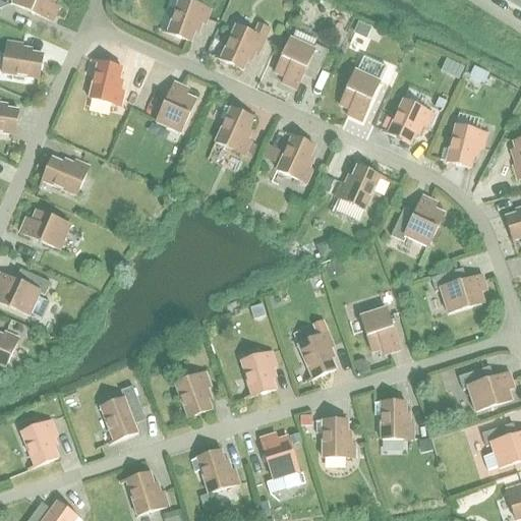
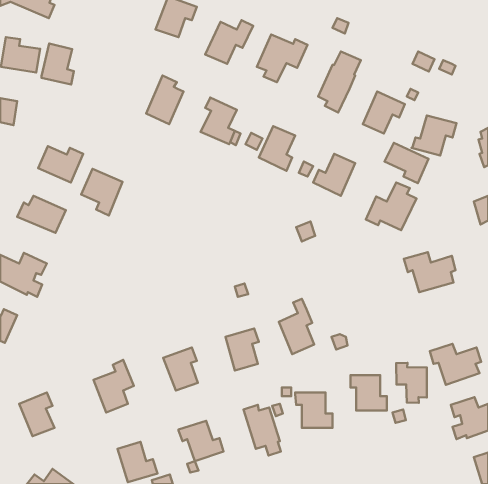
building: [89,60,123,104] -> [42,44,74,85]
building: none -> [385,143,428,183]
building: none -> [81,169,123,215]
building: [359,306,399,353] -> none
building: none -> [396,363,427,403]

